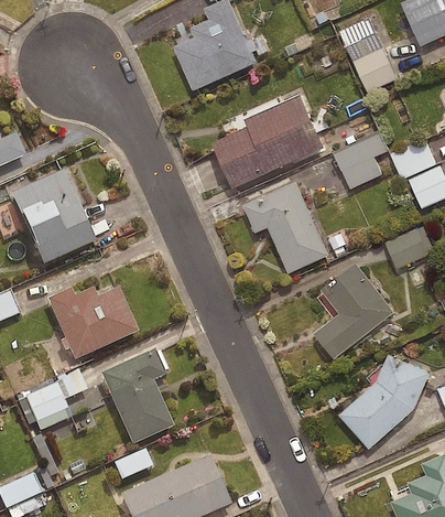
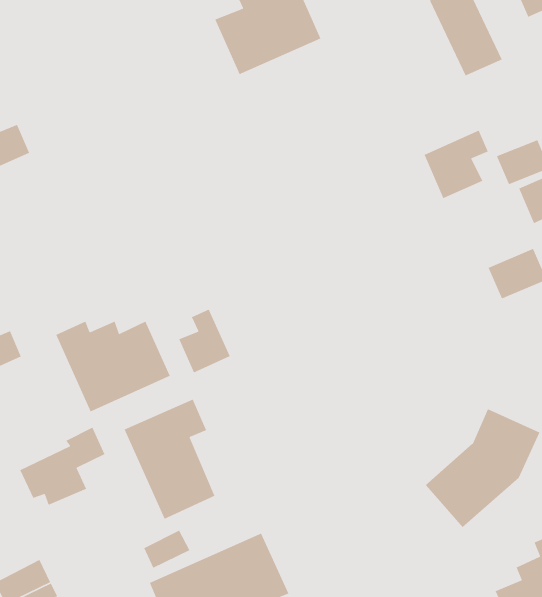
building: [210,95,323,190] -> none
building: [11,168,95,261] -> none
building: [242,183,328,274] -> none
building: [312,265,393,362] -> none
building: none -> [178,308,231,373]

